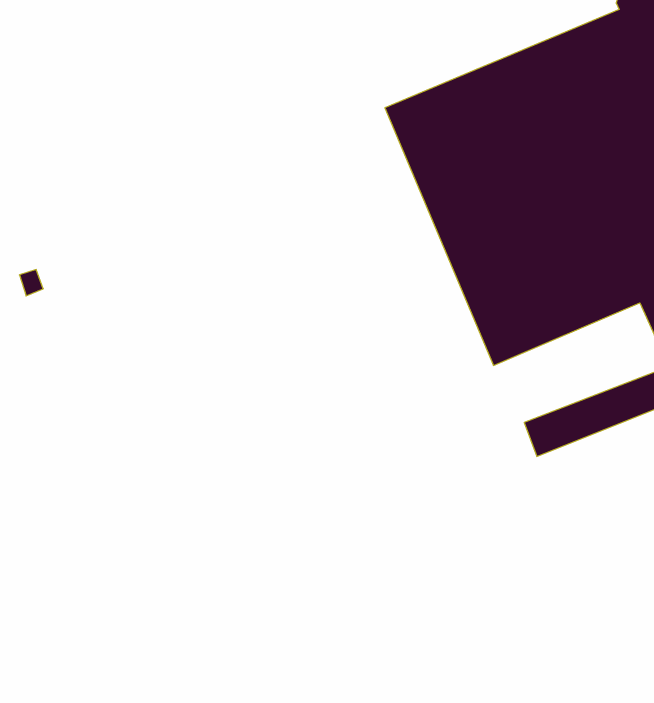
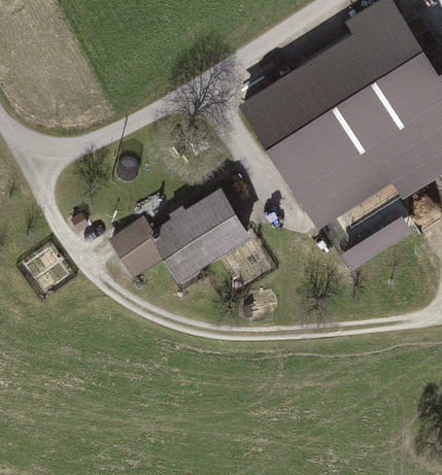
building: none -> [110,193,245,278]

